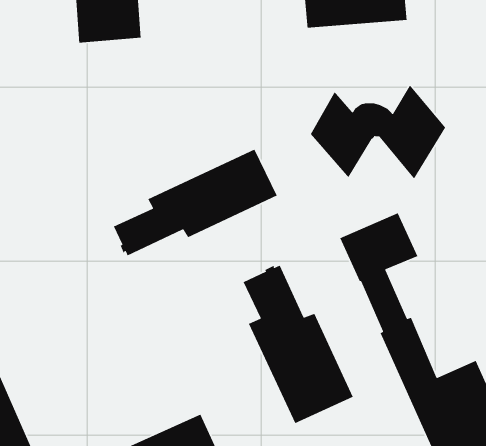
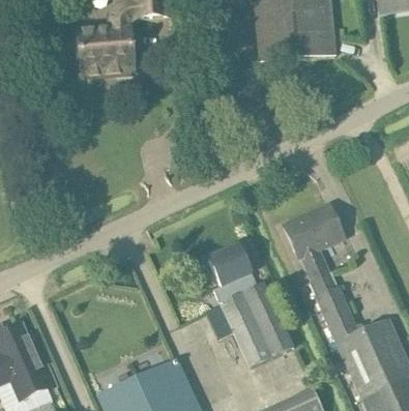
building: [310,84,446,180] -> none
building: [113,149,278,256] -> none

